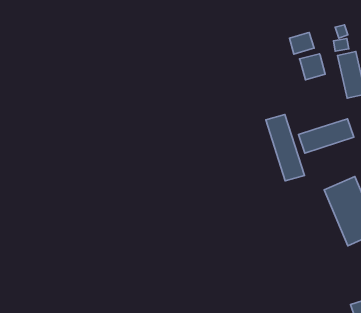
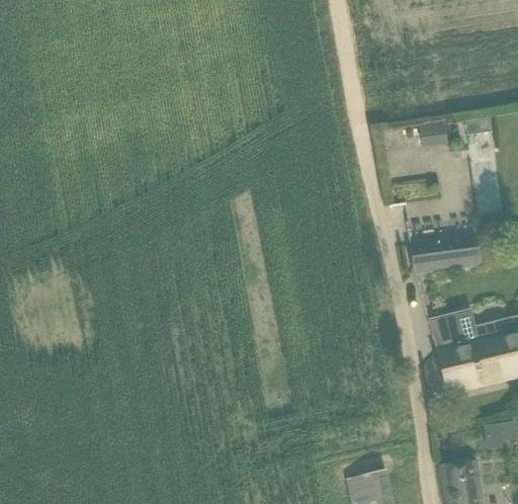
building: [299,54,325,80] -> none
building: [266,114,304,181] -> none

